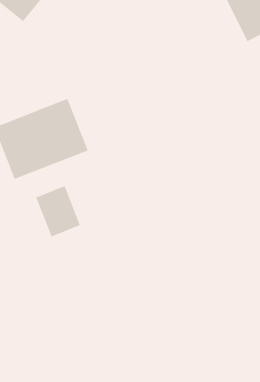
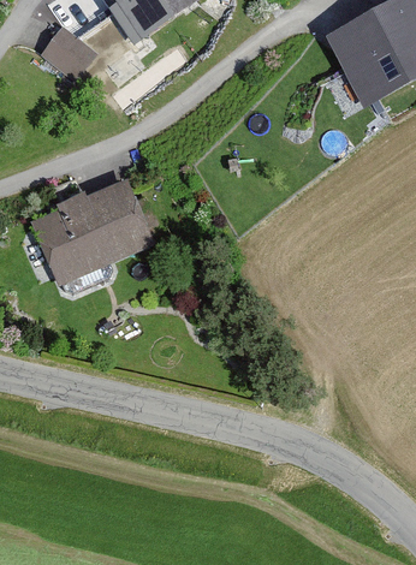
building: [35,185,81,238] -> none

